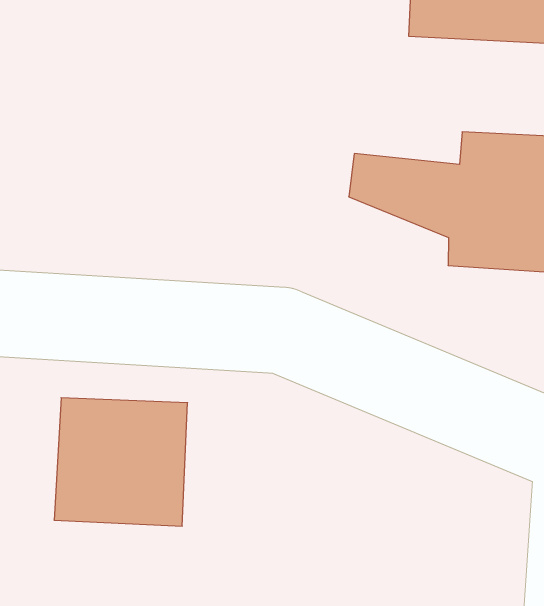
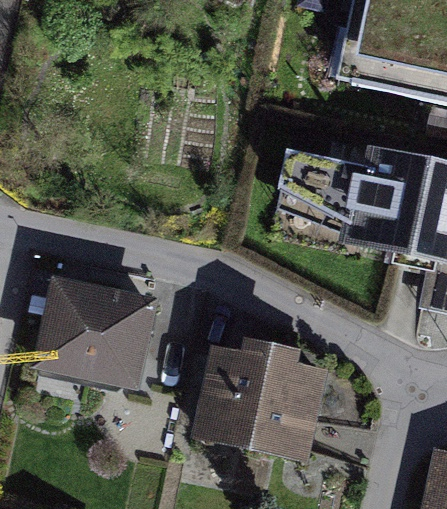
building: none -> [192,341,325,455]

